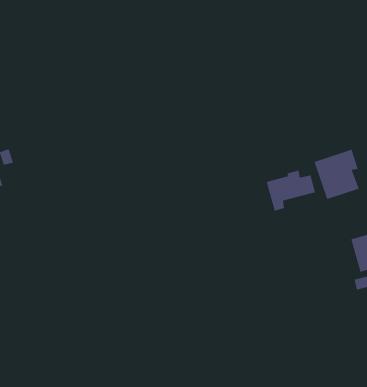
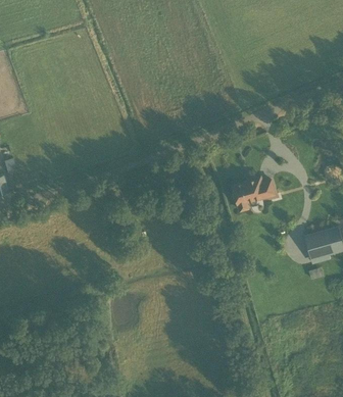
building: [314,149,359,200] -> none

